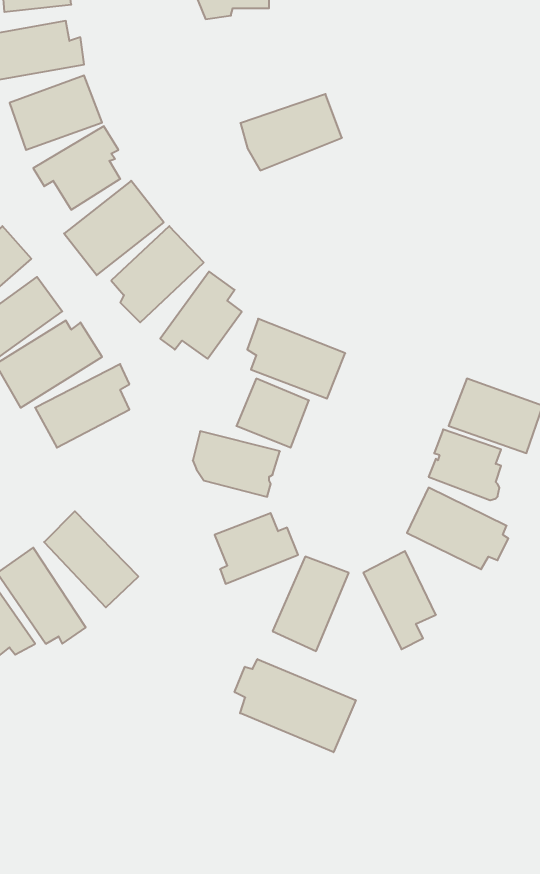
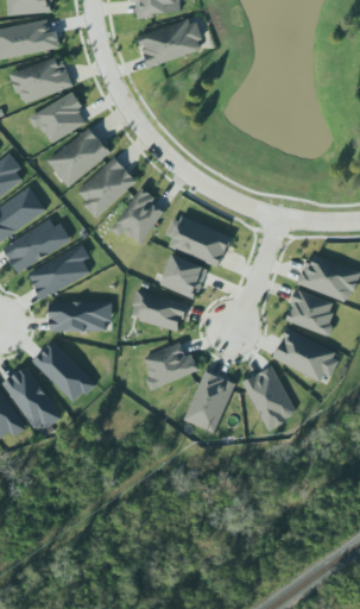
building: [240,94,342,170] -> [139,17,206,67]
building: none -> [50,301,112,329]
building: [235,659,356,752] -> none

